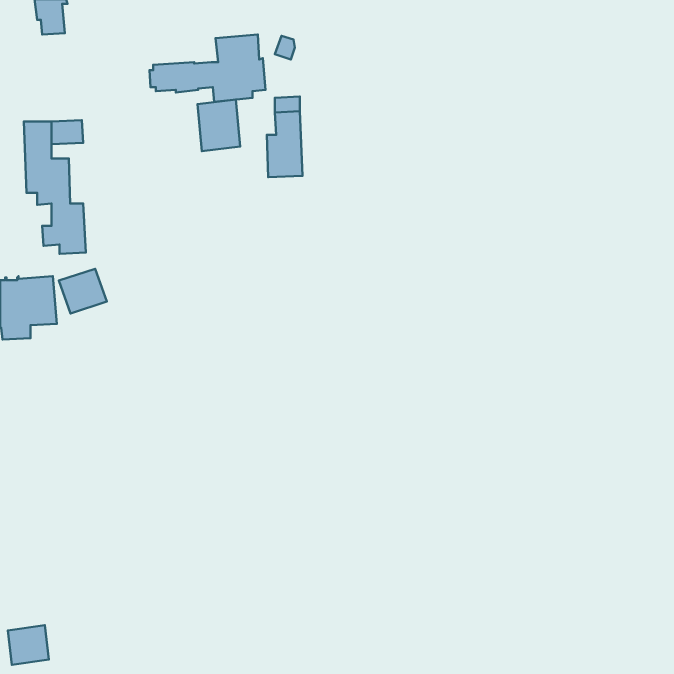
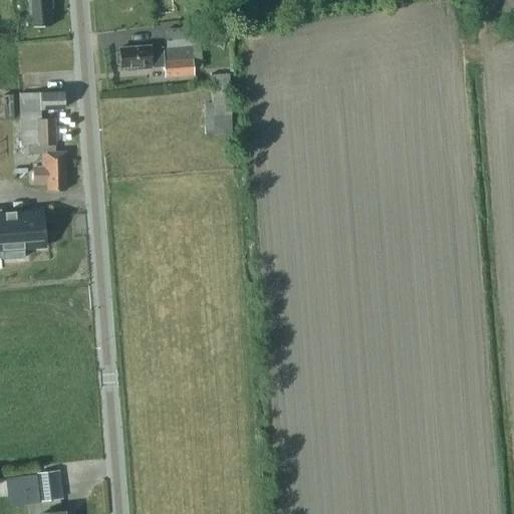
building: [197,100,240,151] -> none
building: [59,269,107,313] -> none
building: none -> [35,470,61,502]

